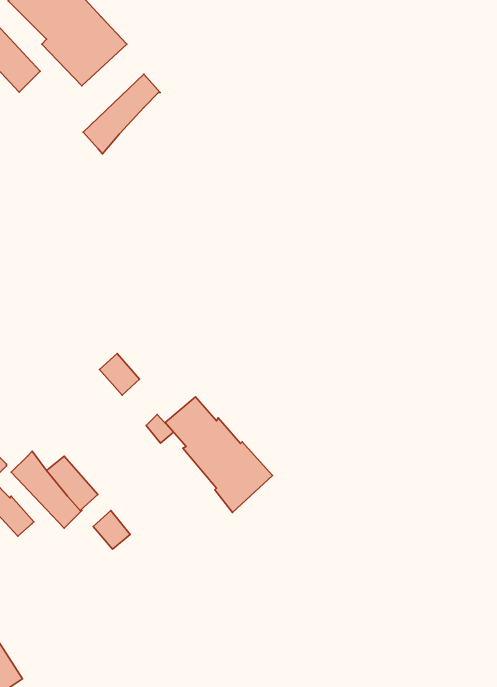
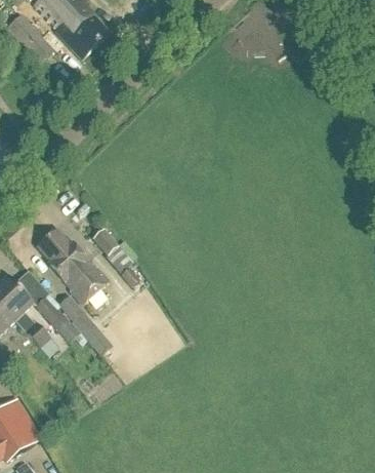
building: [83,74,160,154] -> none
building: [165,397,273,512] -> [38,230,107,304]

